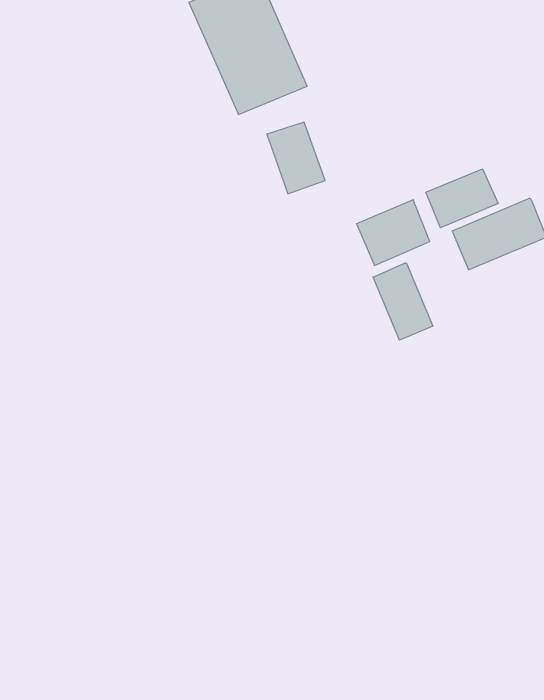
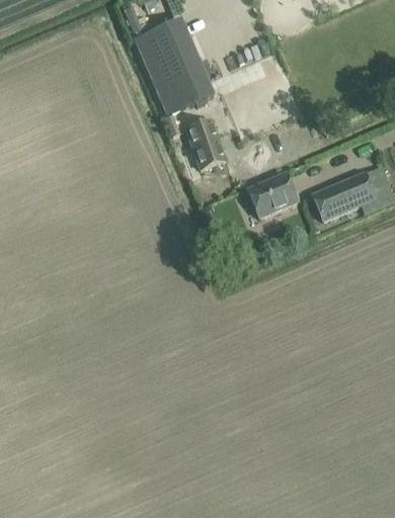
building: [426,169,498,228] -> none
building: [373,263,433,340] -> none

